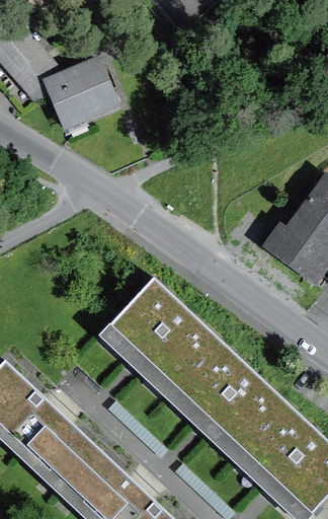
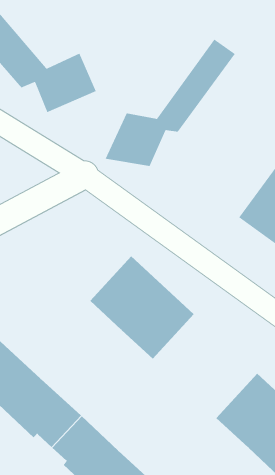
building: none -> [104,39,236,167]
building: [176,344,288,455] -> none

